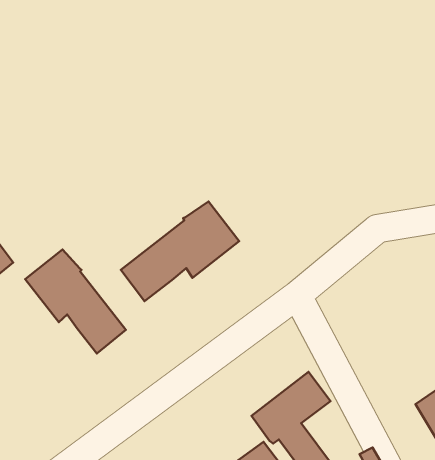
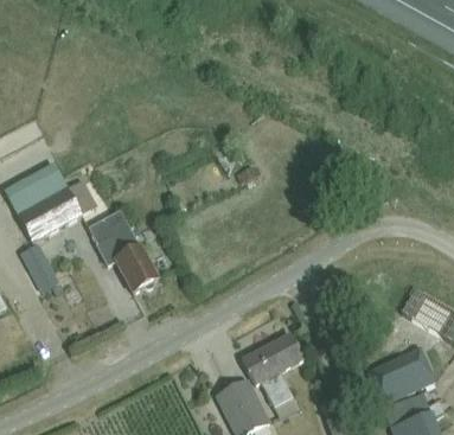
building: [121,202,239,301] -> none

